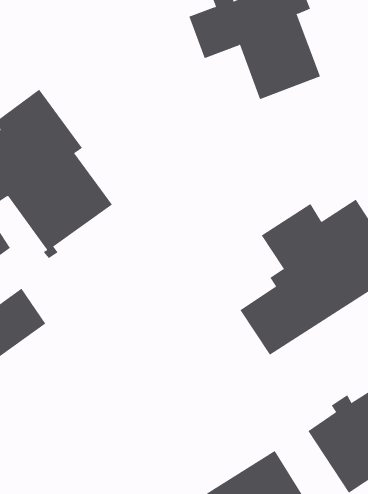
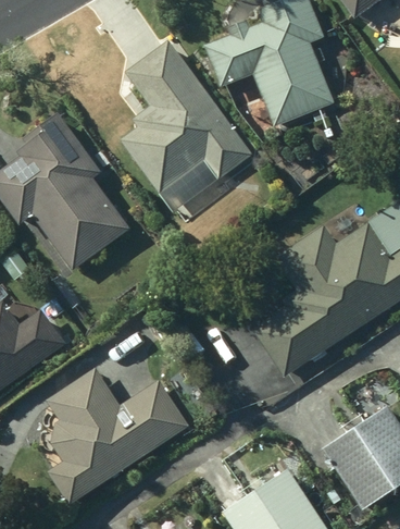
building: none -> [118,41,253,219]
building: none -> [40,369,189,504]

